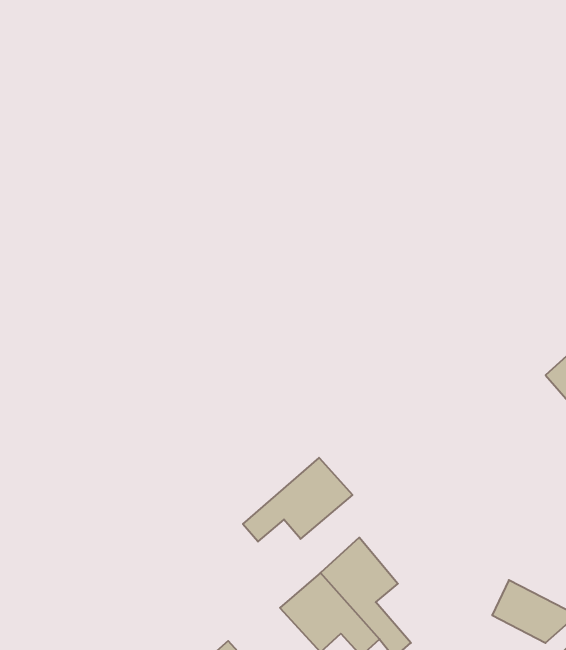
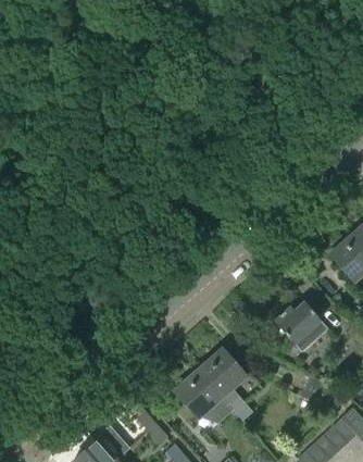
building: none -> [272,302,328,353]
building: [243,458,352,542] -> none

